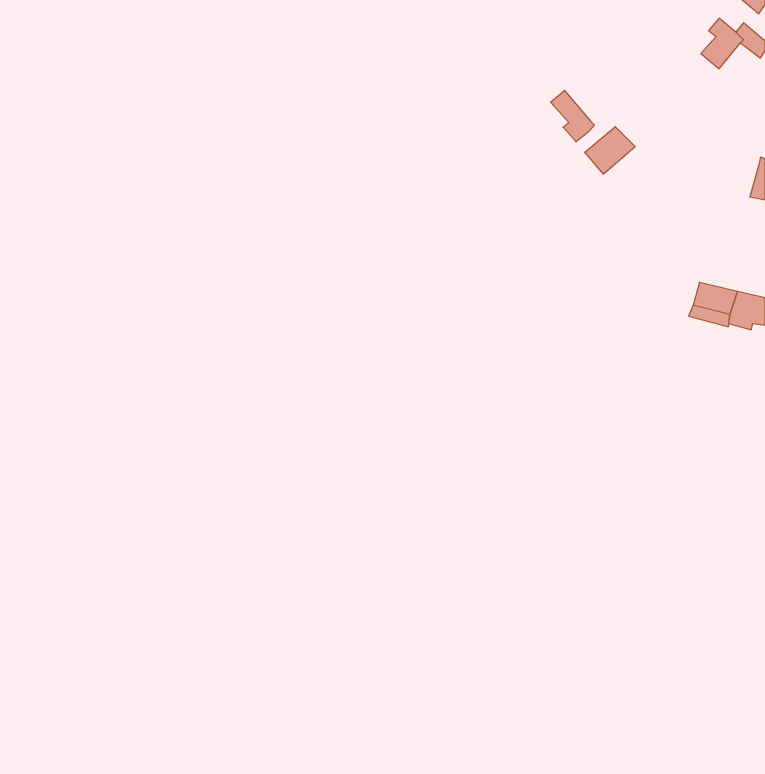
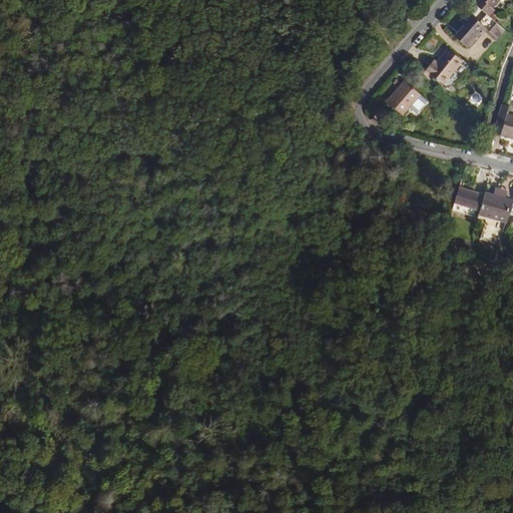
building: none -> [429,51,467,87]
building: [551,90,594,142] -> none

